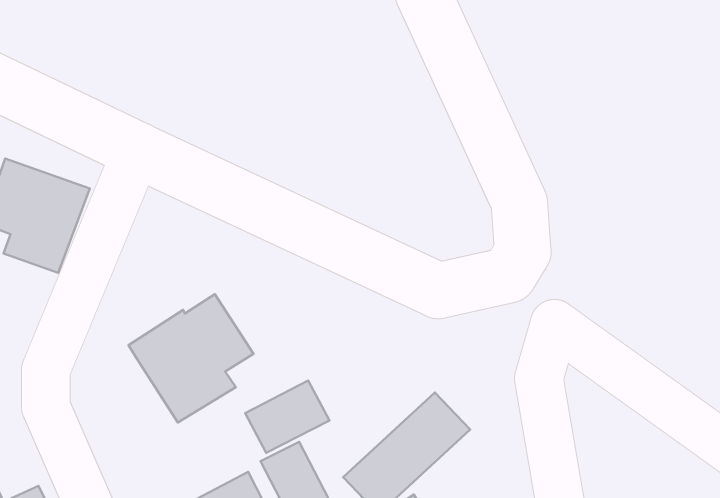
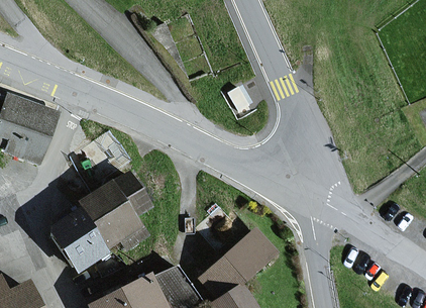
building: none -> [50,210,107,268]
building: [245,381,329,453] -> none

